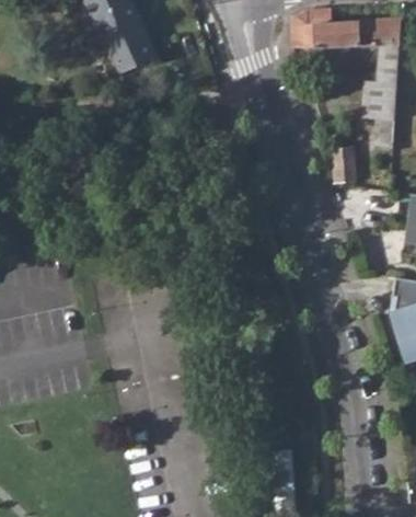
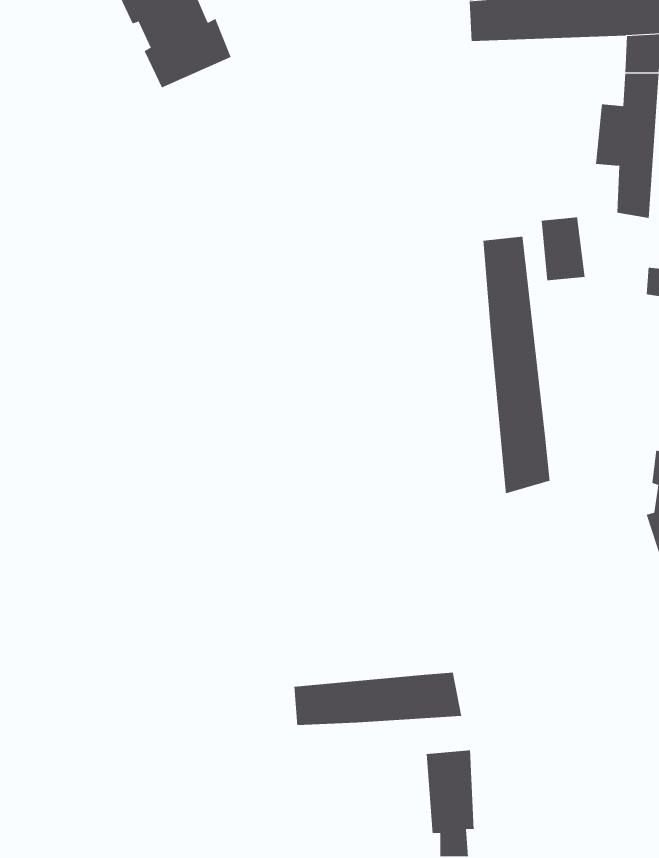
building: none -> [483,236,550,494]
building: none -> [294,672,462,726]

